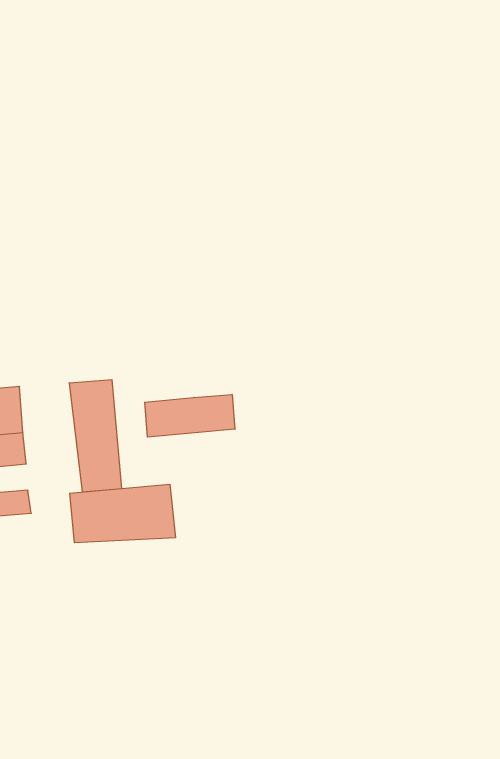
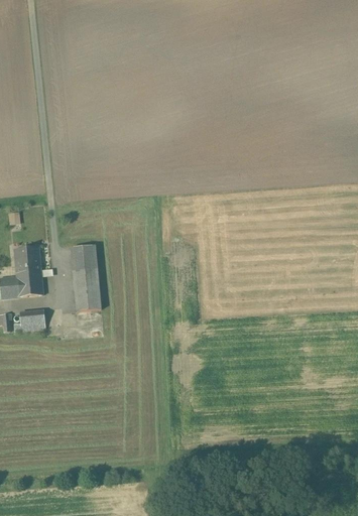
building: [145,394,235,437] -> none
building: [70,484,175,543] -> none

